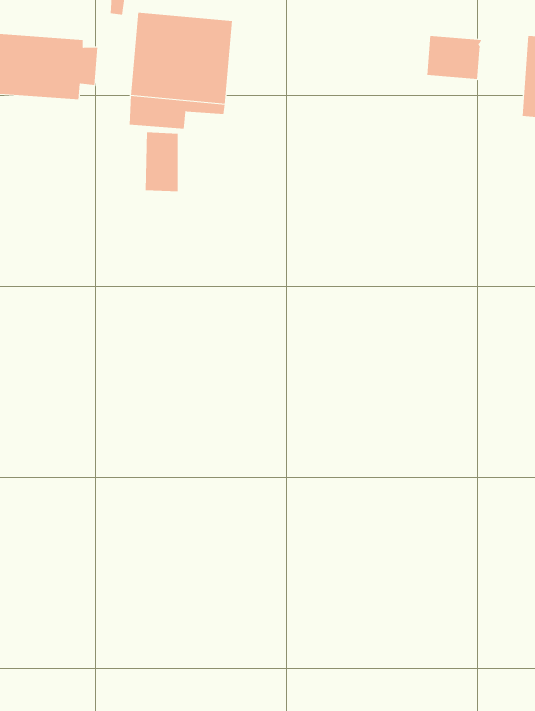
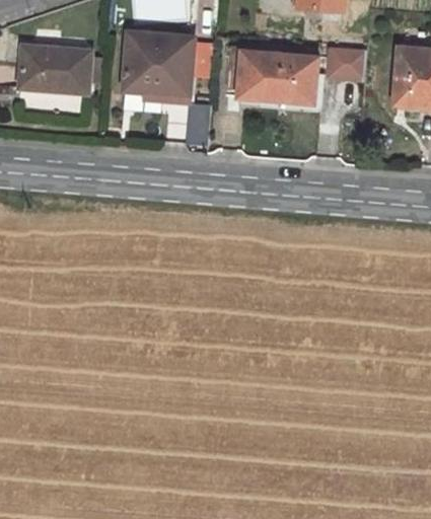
building: none -> [226,50,318,103]
building: [145,132,179,192] -> [184,102,207,144]

